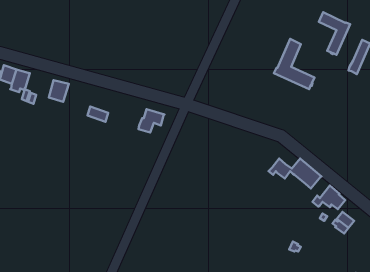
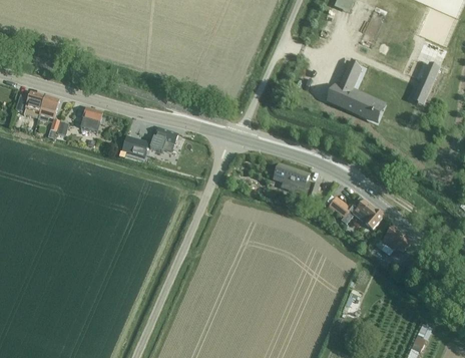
building: [319,12,350,55] -> none
building: [138,109,165,133] -> [149,128,178,154]
building: none -> [274,163,319,200]

